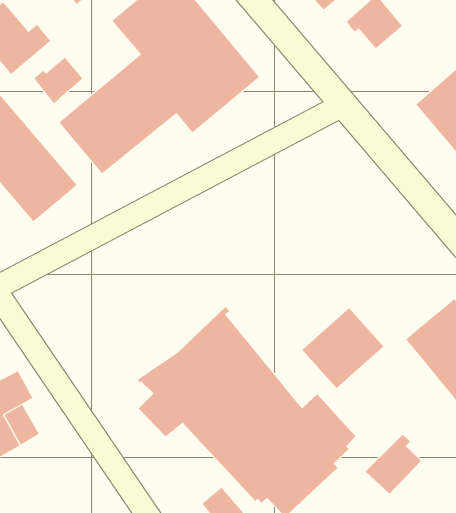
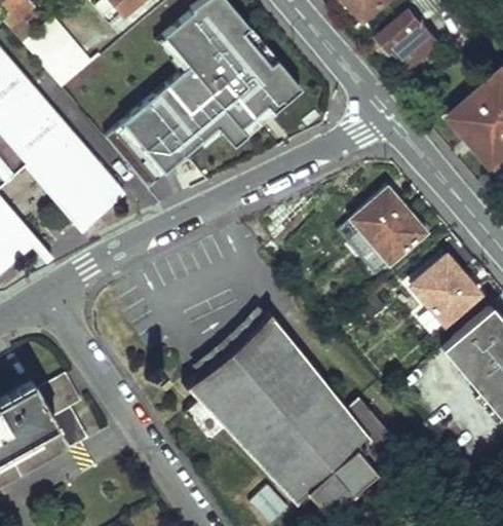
building: [33,57,83,104] -> none
building: none -> [351,188,426,262]
building: [302,307,384,389] -> [400,255,480,334]
building: [365,434,422,495] -> none

